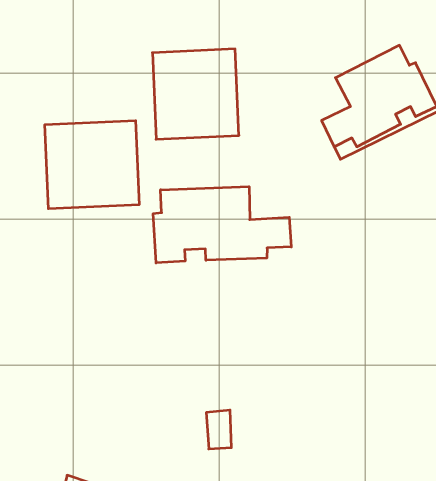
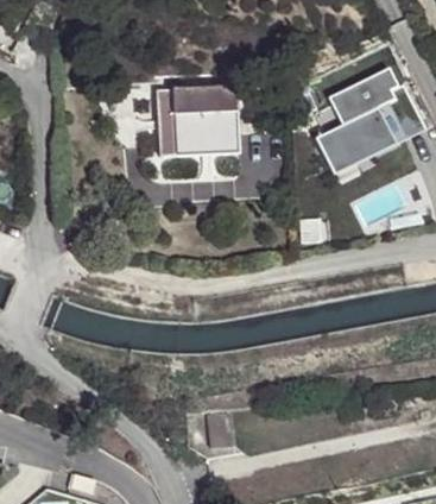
building: [45,121,139,209] -> none
building: [153,187,291,263] -> none

